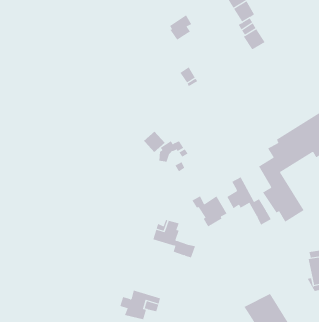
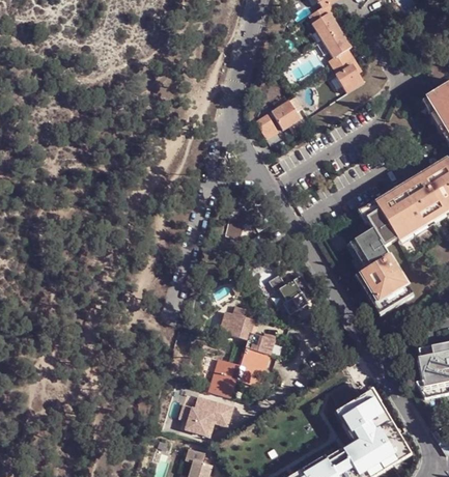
building: [170,14,192,40] -> [272,93,301,127]
building: [143,131,166,153] -> none
building: [227,176,271,225] -> none
building: none -> [207,347,269,398]

